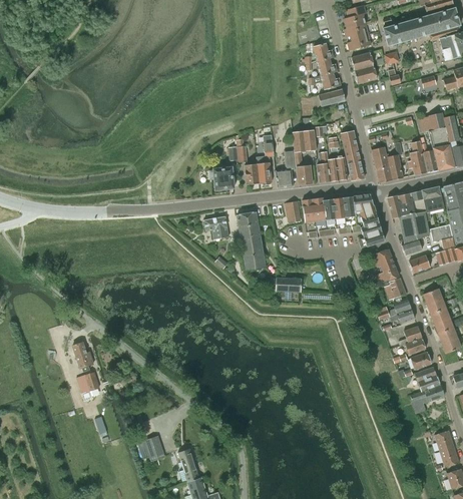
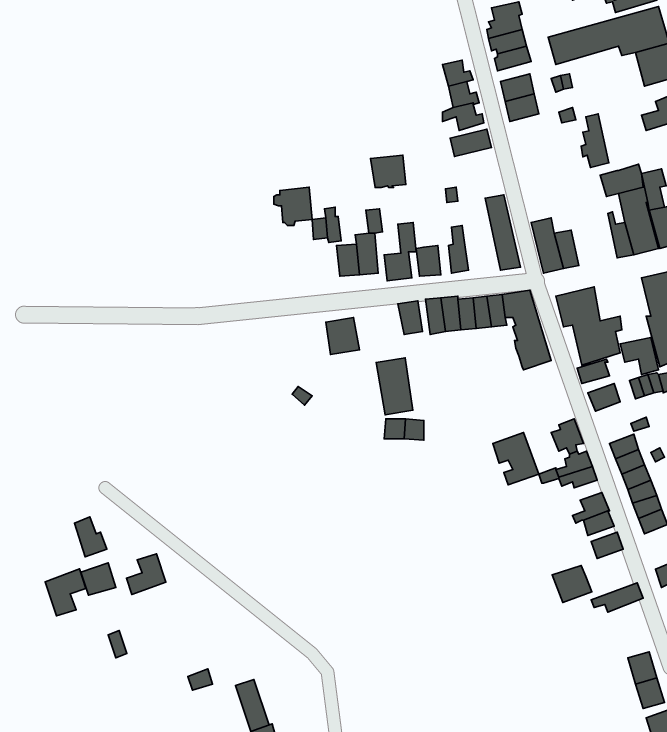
building: [293,130,316,151] -> [371,155,406,188]
building: [409,140,427,175] -> [581,114,609,168]
building: [328,157,348,180] -> none
building: [209,166,235,191] -> [274,187,312,226]
building: [413,185,444,213] -> none
building: [204,216,228,239] -> none
building: [241,232,265,270] -> [376,358,413,415]
building: [369,248,399,283] -> [493,433,539,485]
building: none -> [127,554,166,594]
building: [415,367,441,391] -> [552,566,592,602]
building: none -> [45,569,86,616]

